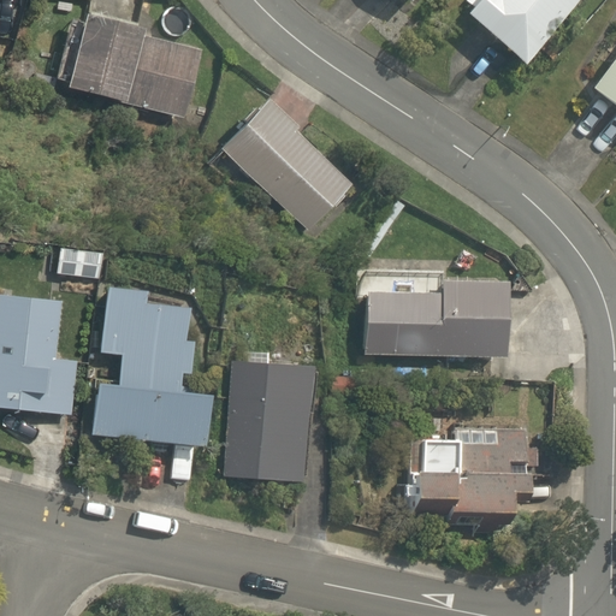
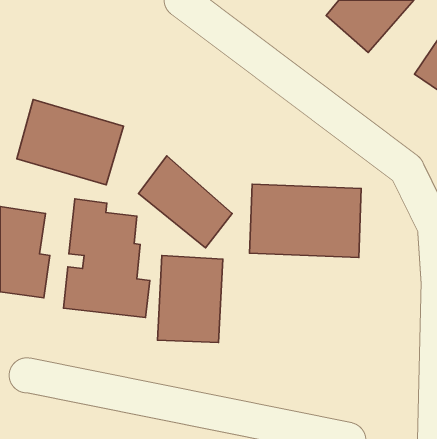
building: [55,8,205,128] -> [17,100,124,185]
building: [223,102,354,231] -> [138,156,232,248]
building: [407,420,537,515] -> none

